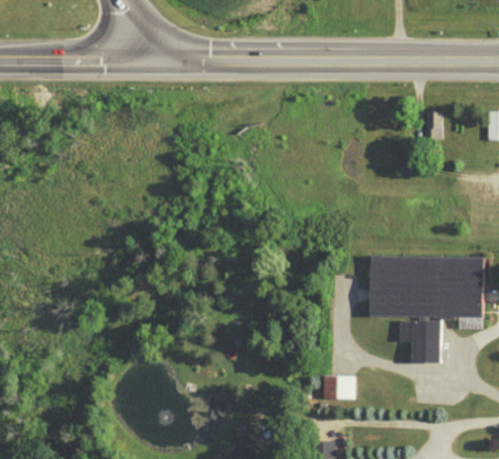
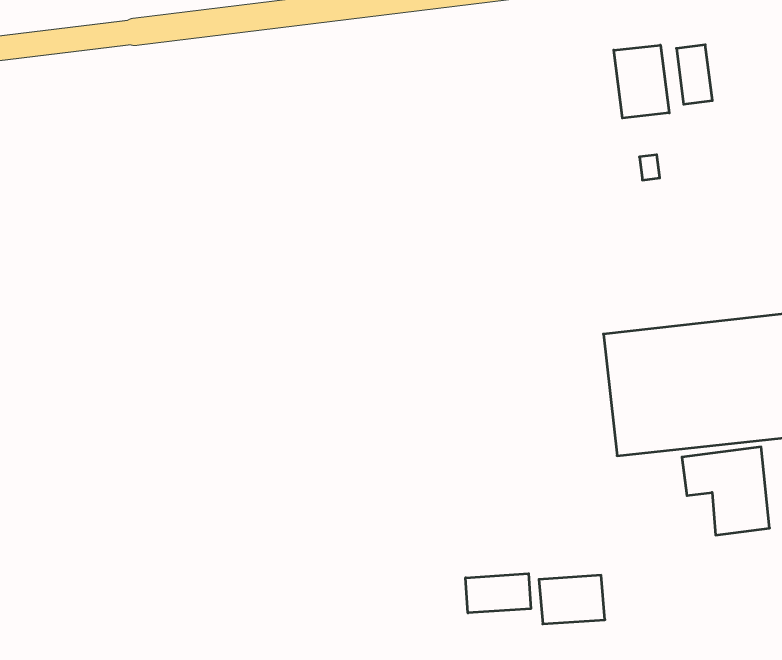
building: none -> [614,45,669,118]
building: none -> [466,574,531,613]

